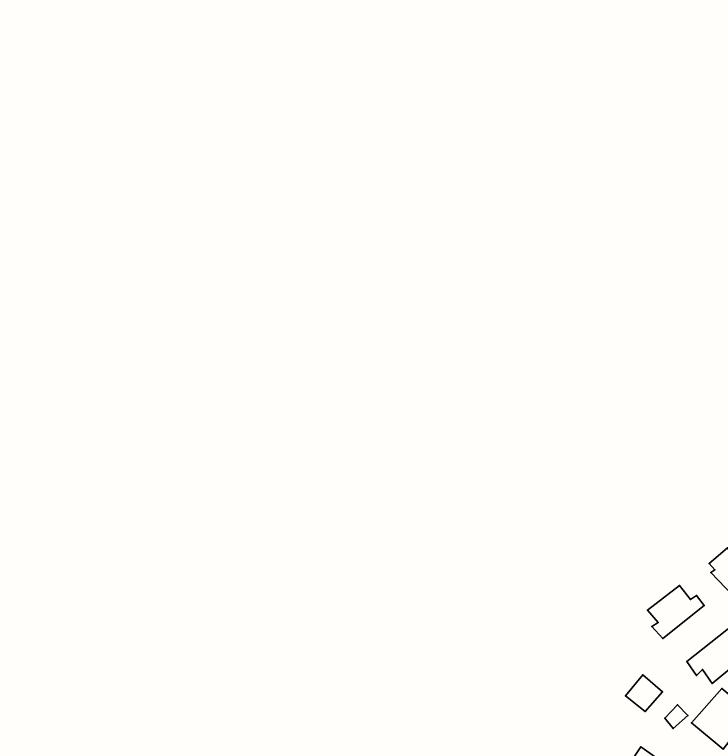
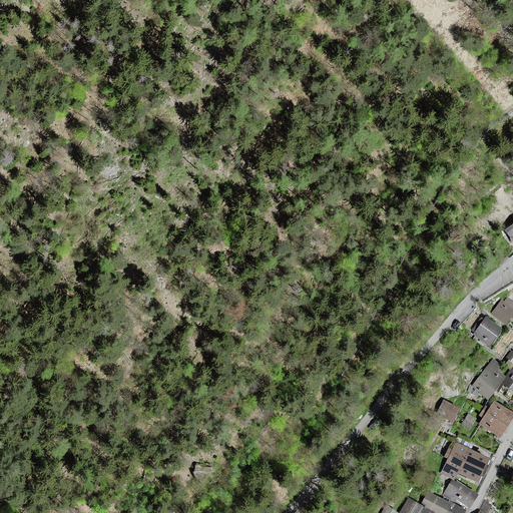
building: [647,586,704,639] -> none

